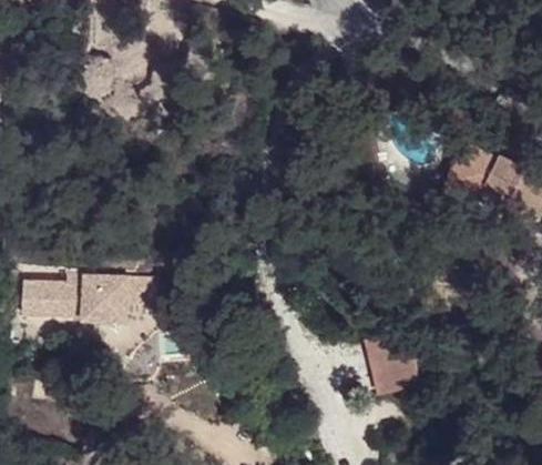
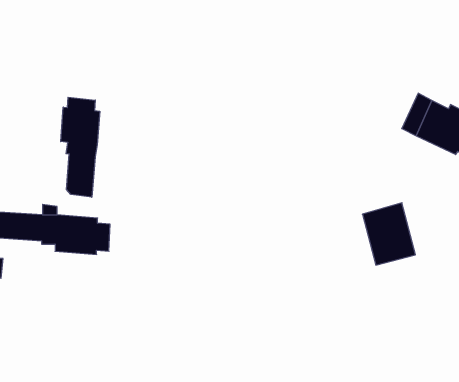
building: none -> [61,97,100,197]
building: [359,330,416,396] -> [362,203,415,265]

